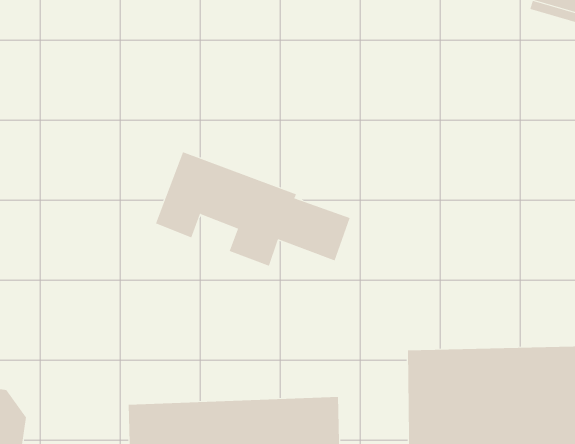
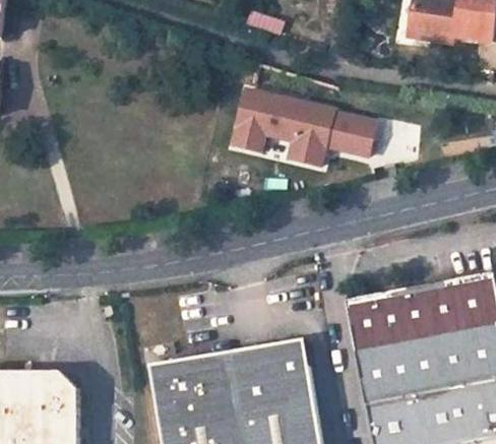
building: [155,151,350,266] -> [232,89,375,166]

